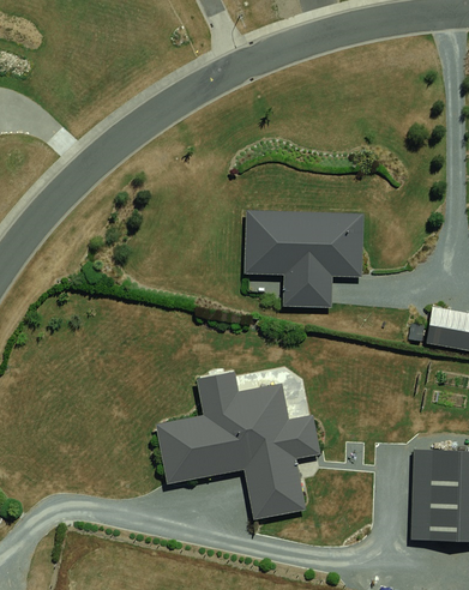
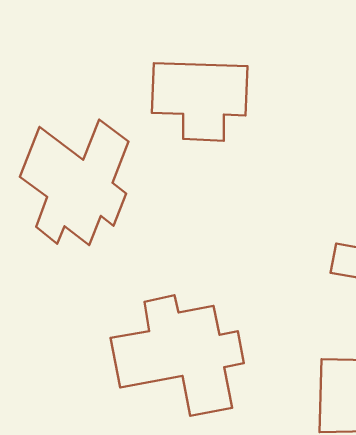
building: none -> [20,120,129,245]
building: [243,212,361,308] -> [152,63,247,141]

